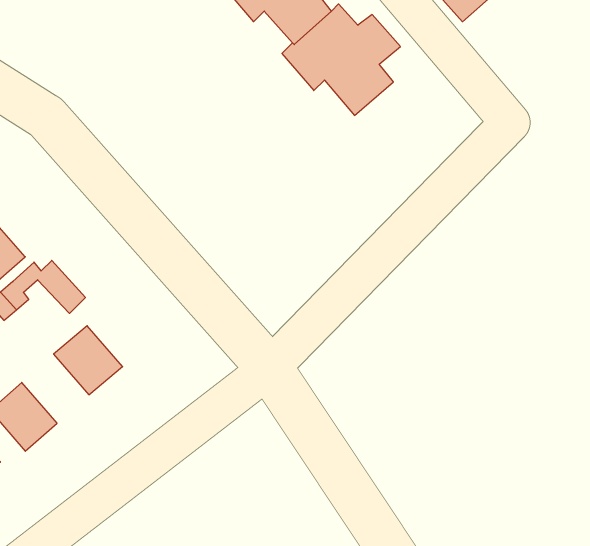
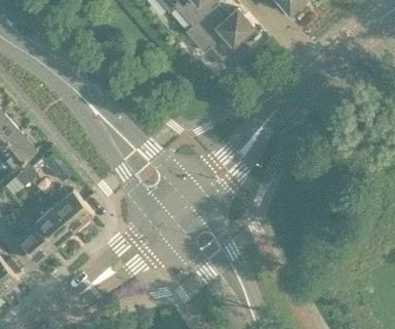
building: none -> [34,206,73,246]

